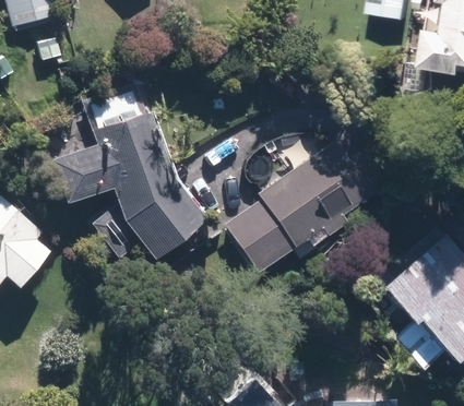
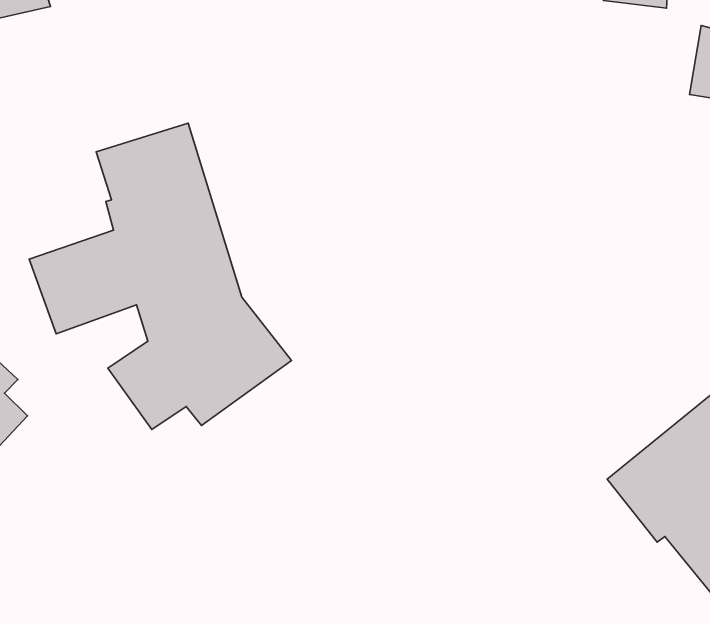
building: [228,142,374,273] -> none

